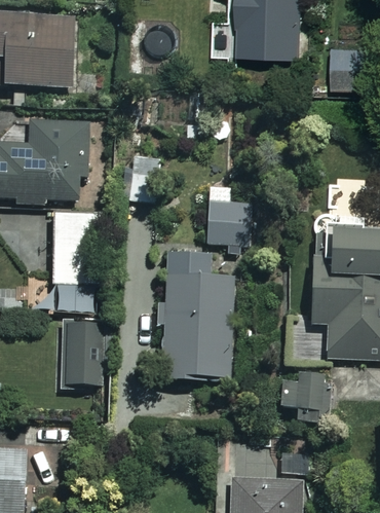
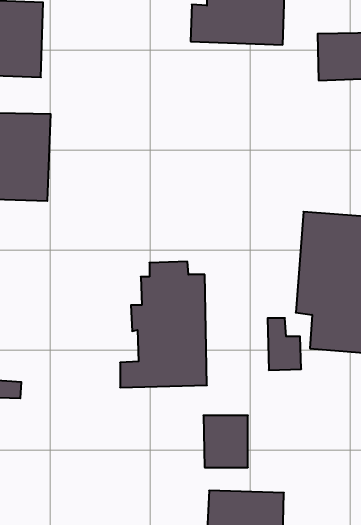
building: [207,201,254,252] -> none
building: [53,214,94,312] -> none
building: [63,324,103,387] -> none
building: [281,369,324,418] -> [203,415,248,467]

